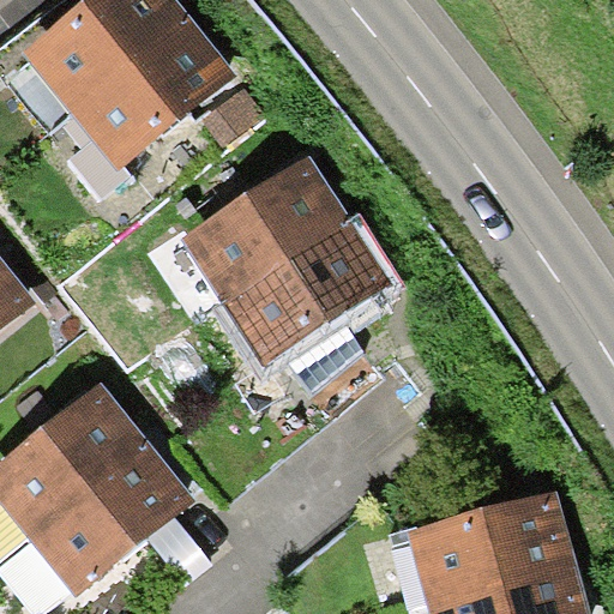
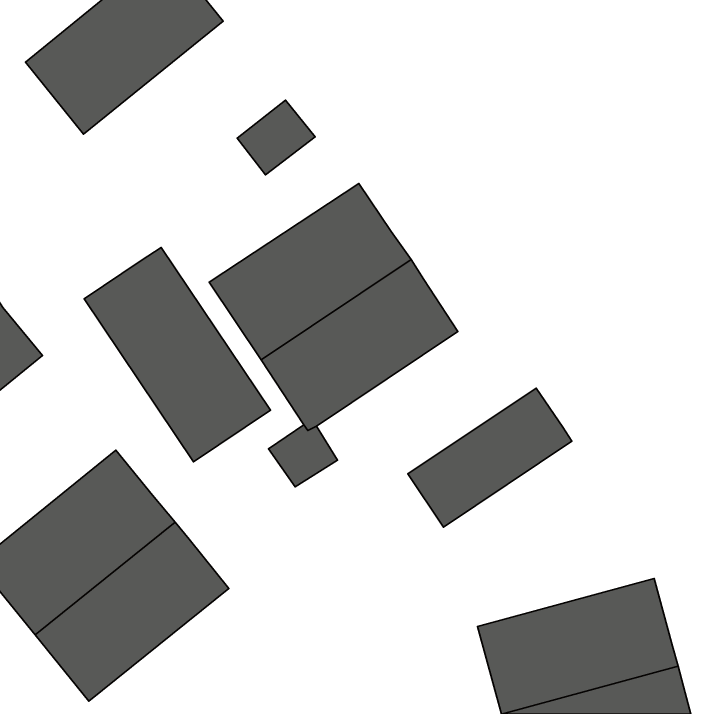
building: [71,18,235,170] -> none
building: none -> [84,248,270,462]
building: none -> [408,388,572,527]

